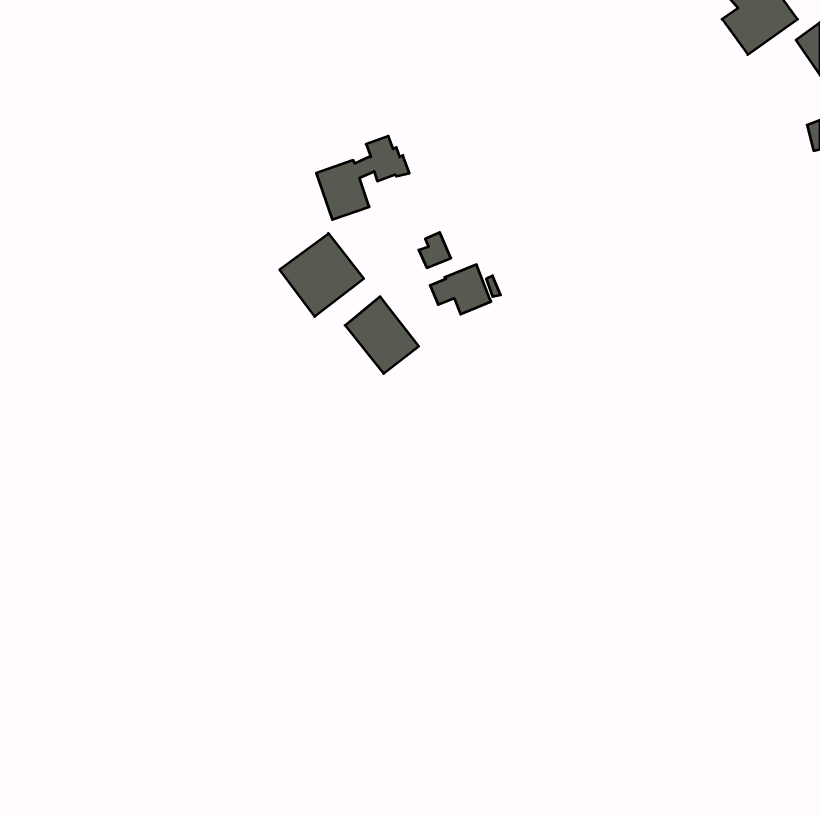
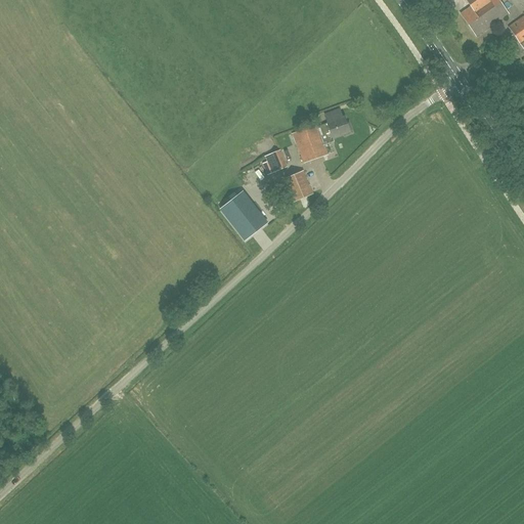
building: [316,136,409,220] -> [294,108,353,162]
building: [280,233,364,317] -> none

